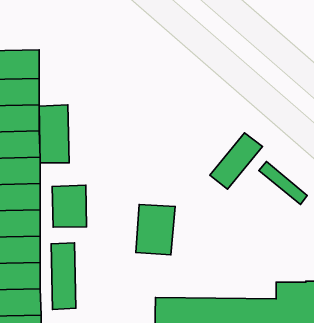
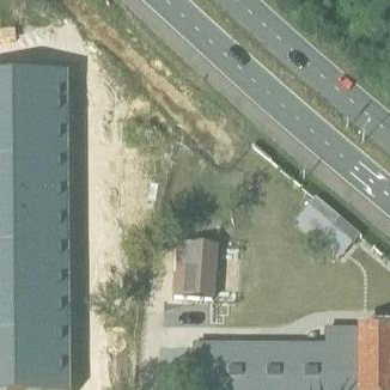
building: [39,105,69,163] -> none
building: [210,133,262,189] -> none
building: [52,185,87,227] -> none
building: [51,243,76,309] -> none

